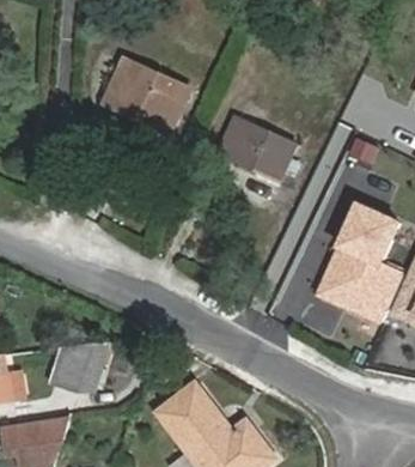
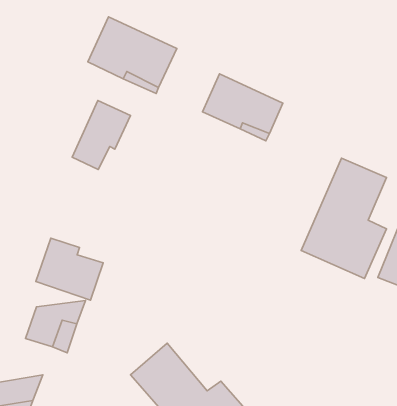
building: none -> [72,100,130,169]
building: none -> [36,238,103,300]

